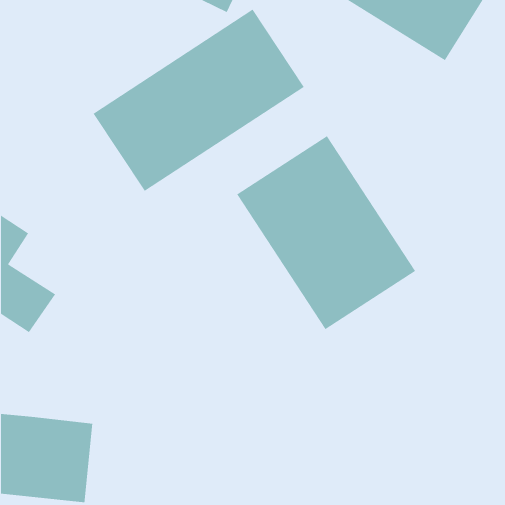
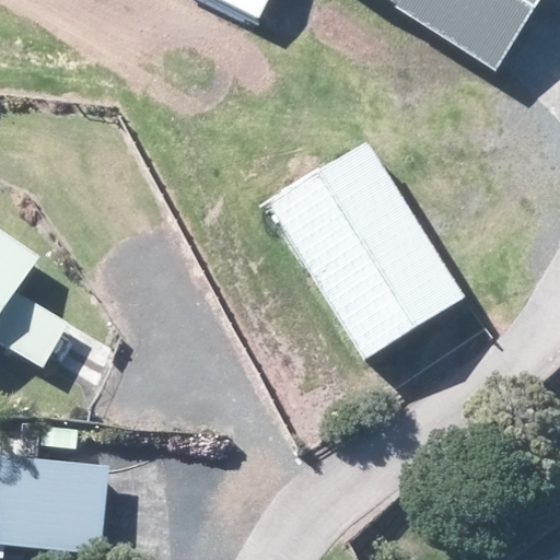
building: [92,8,305,192] -> none

